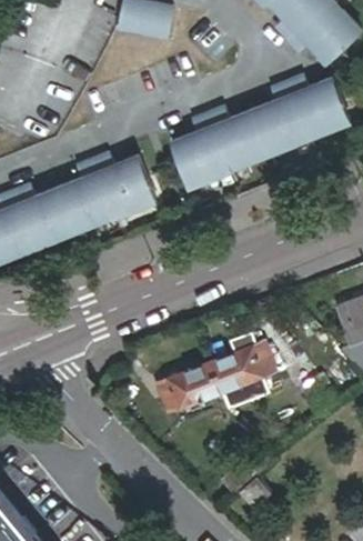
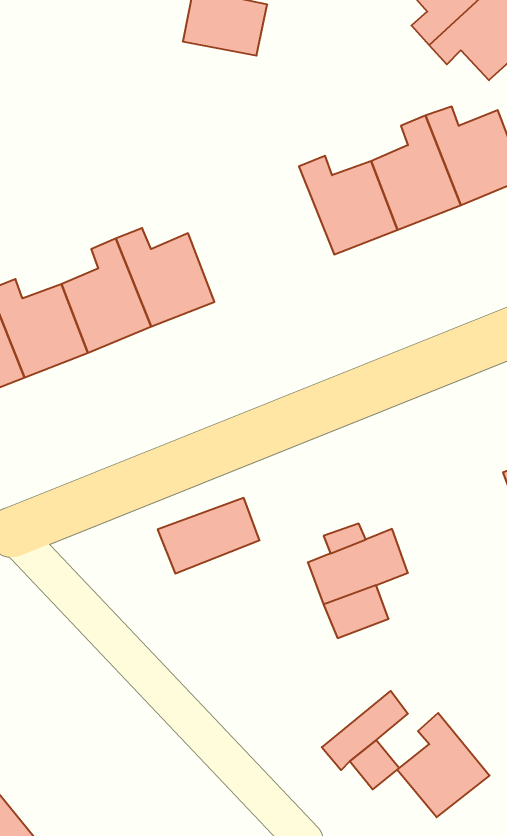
building: [172,116,229,188] -> none
building: [158,365,222,413] -> [158,498,260,574]
building: none -> [397,713,490,817]

